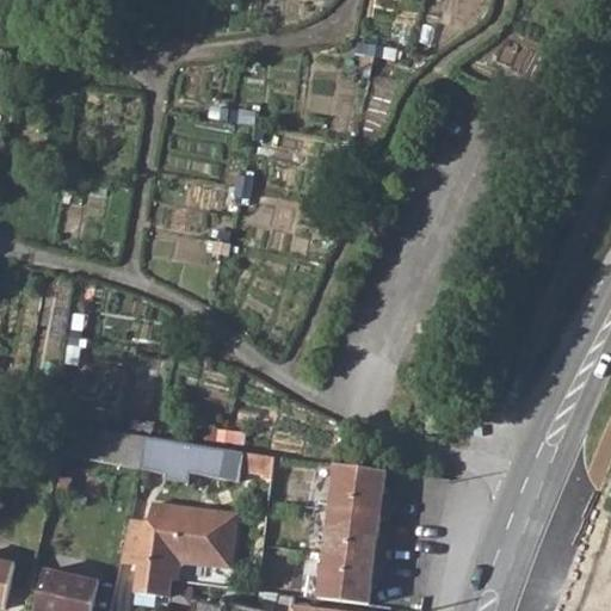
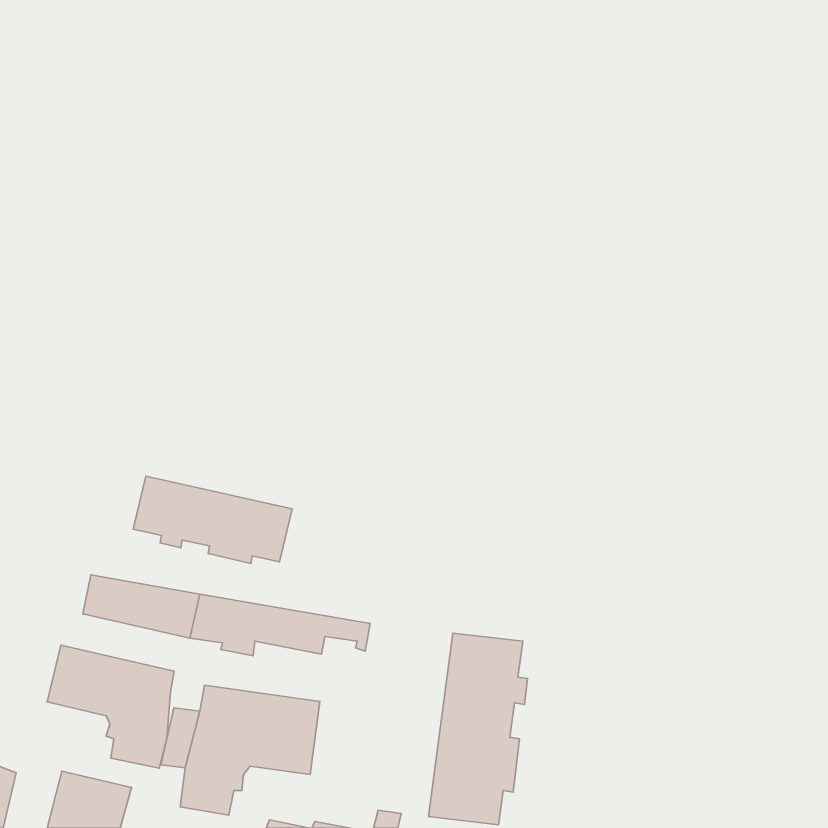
building: none -> [133,476,292,563]
building: none -> [47,645,174,768]

